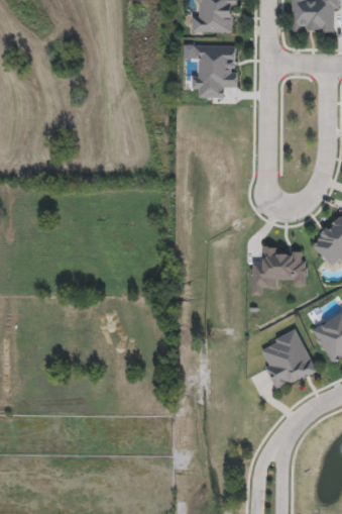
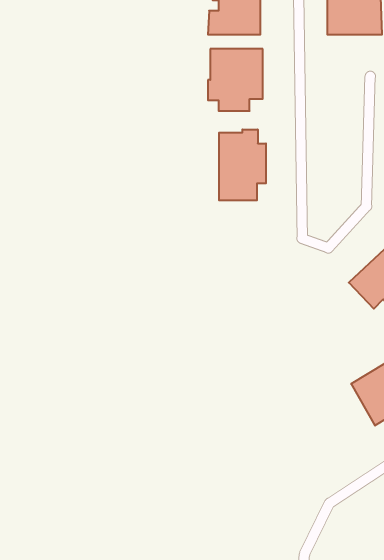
building: none -> [219,129,266,200]
building: [252,245,308,295] -> none
building: [258,328,318,390] -> none

